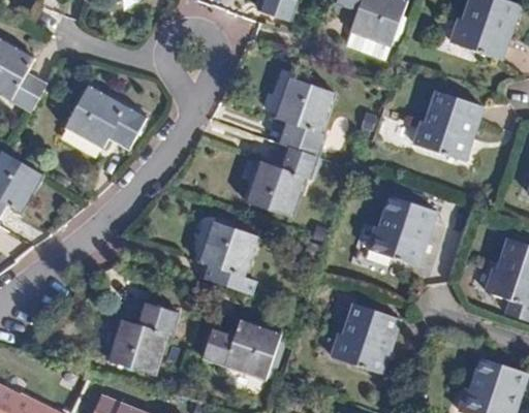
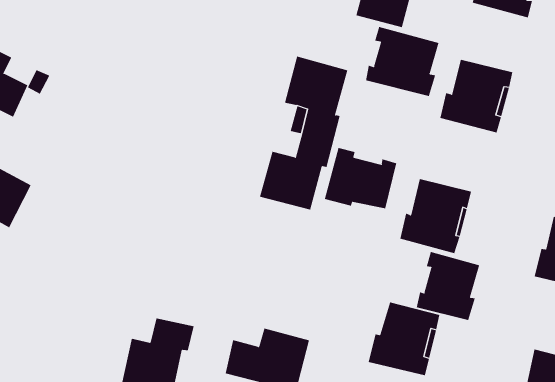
building: none -> [365,26,439,97]
building: [64,86,146,149] -> none
building: none -> [324,147,397,209]
building: [200,221,258,294] -> none
building: none -> [416,251,480,321]

